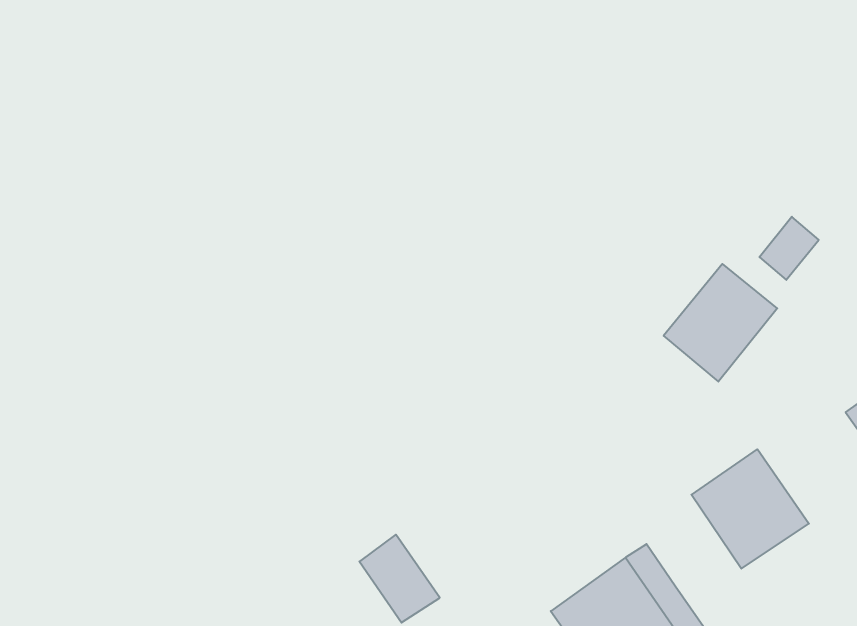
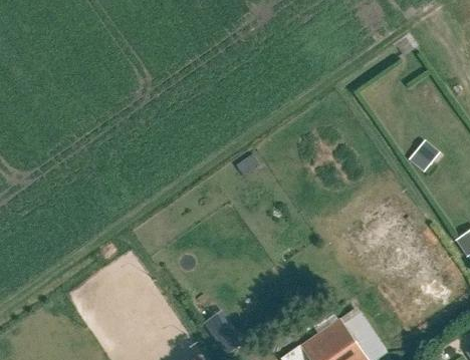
building: [664,264,777,382] -> none
building: [691,449,809,569] -> none

